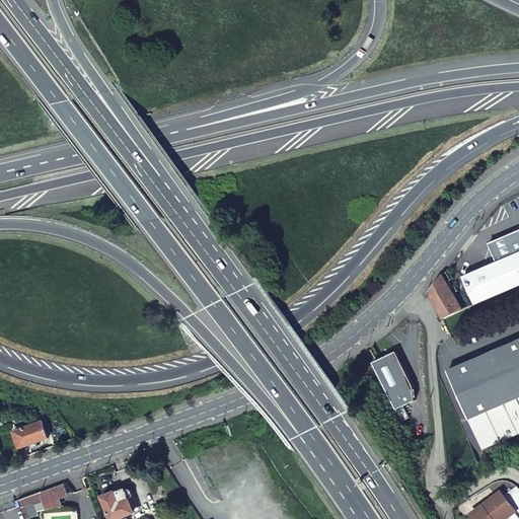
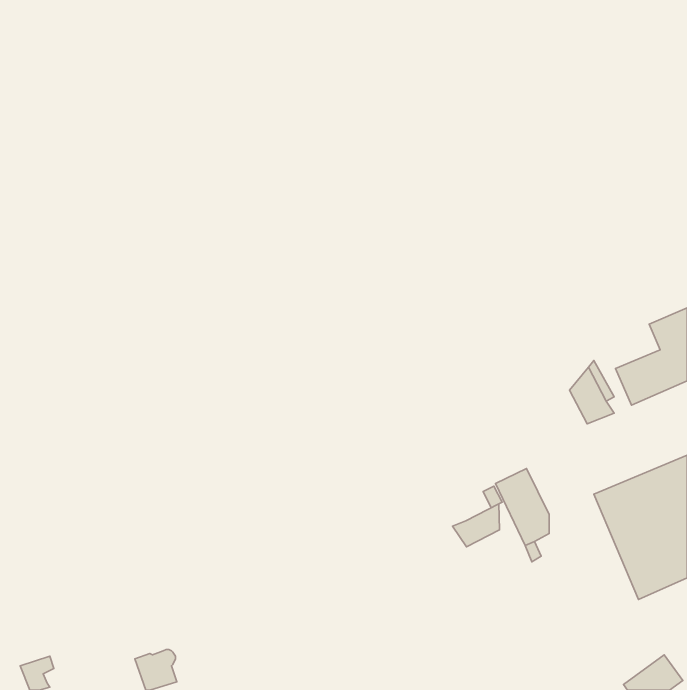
building: none -> [453,504,499,547]
building: [12,420,47,446] -> none
building: [32,484,65,513] -> none

